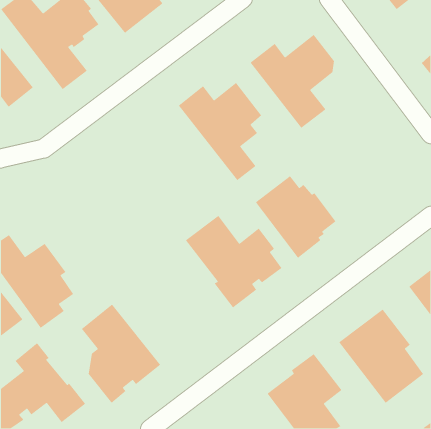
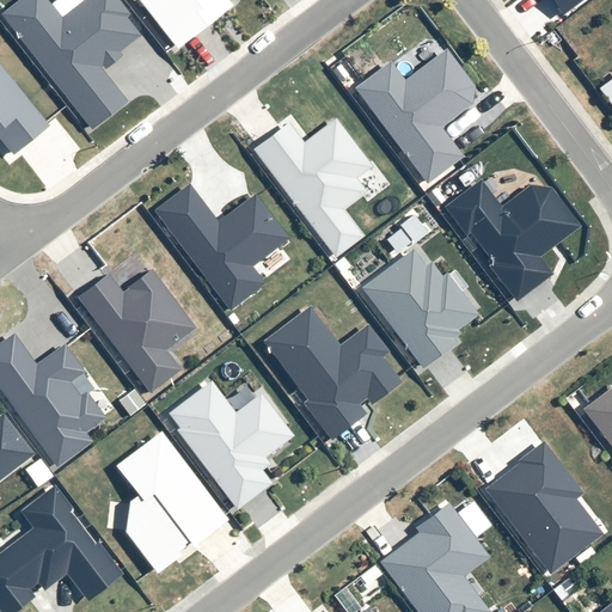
building: none -> [445,179,580,301]
building: none -> [154,183,289,310]
building: none -> [76,269,197,392]
building: none -> [169,380,293,508]

